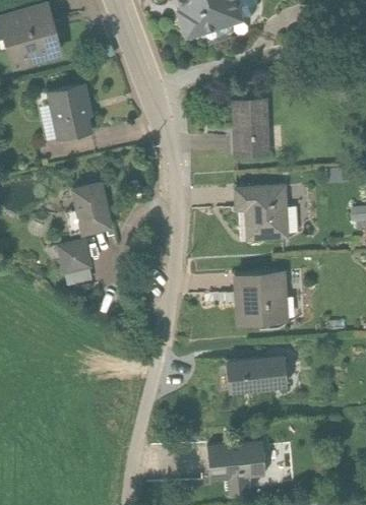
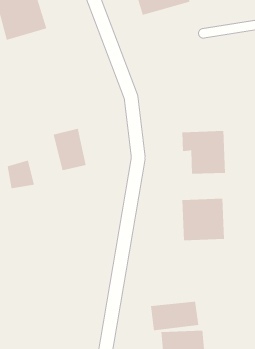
building: [46,84,95,141] -> none
building: [233,102,271,159] -> none
building: [58,240,94,276] -> [7,160,35,189]
building: [226,356,288,393] -> [150,301,199,331]

